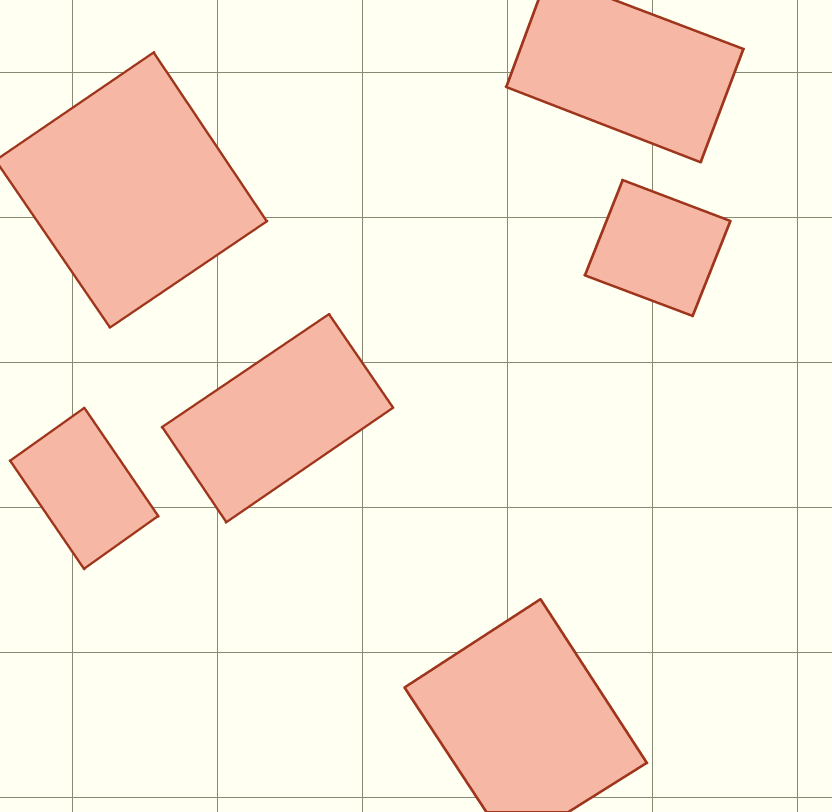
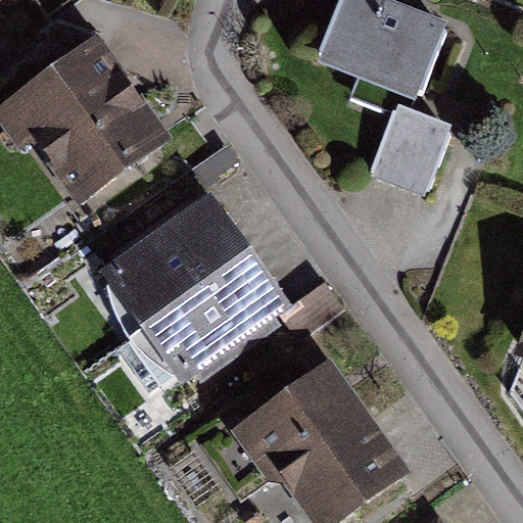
building: none -> [141,254,286,384]
building: [10,408,158,569] -> none

